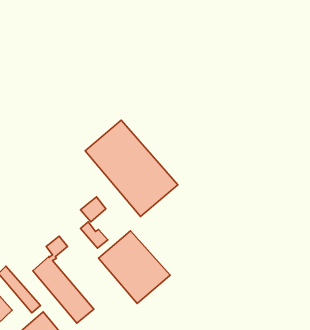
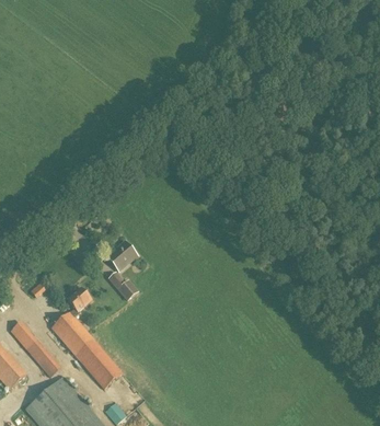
building: [85,120,178,216] -> none
building: [99,231,170,304] -> none

